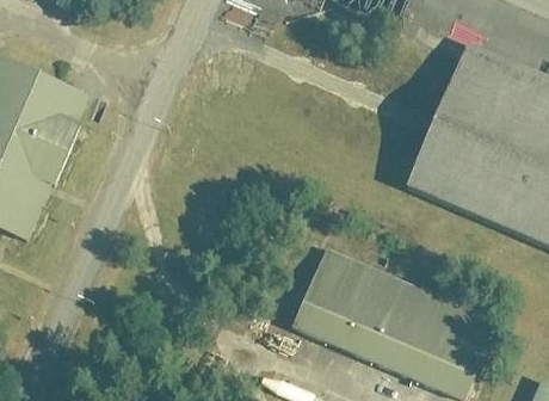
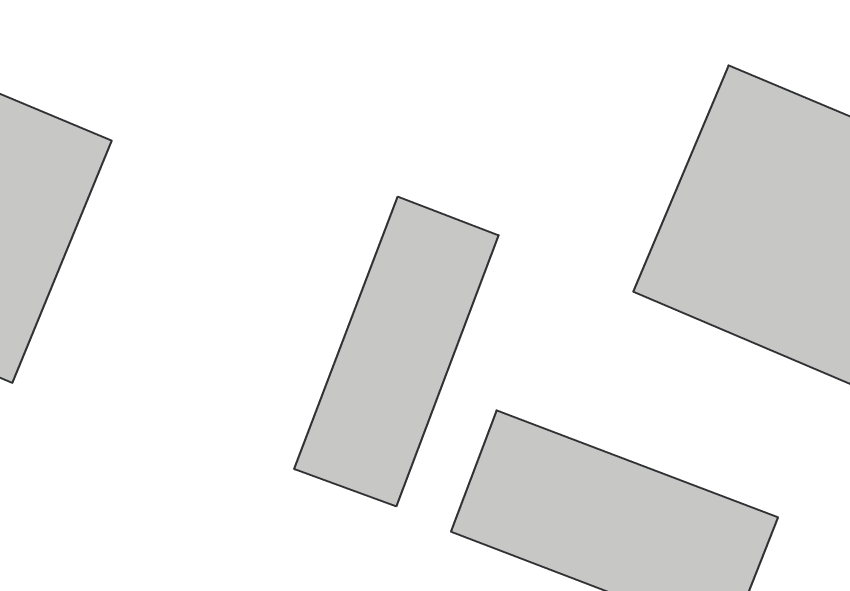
building: none -> [294,197,499,506]

